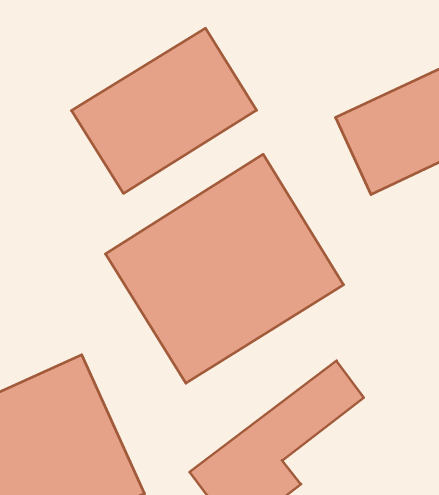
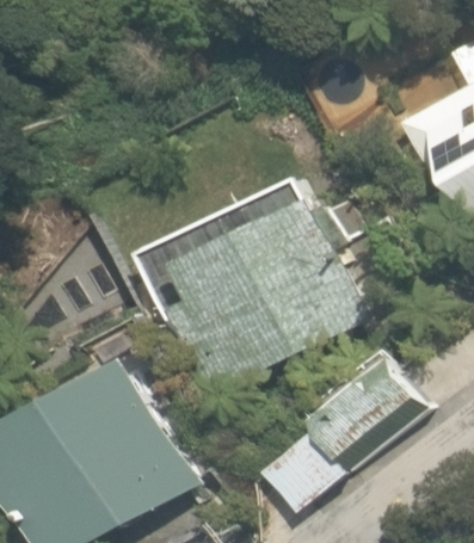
building: [71,28,257,193] -> none

